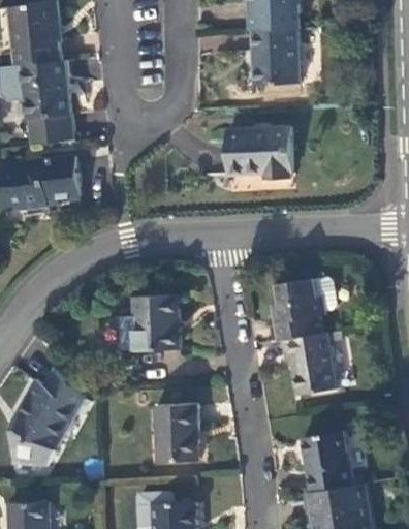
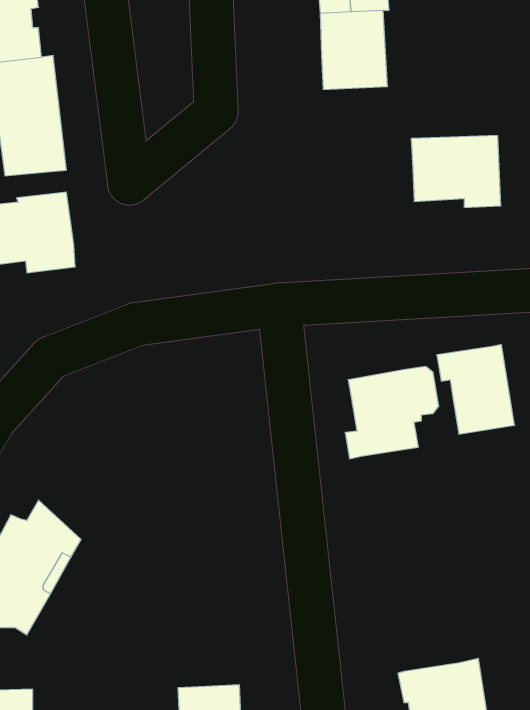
building: [228,125,291,176] -> [411,136,501,207]
building: [132,297,178,351] -> none
building: [281,332,336,395] -> [437,345,515,434]
building: [154,404,198,461] -> none
building: [302,432,350,491] -> none

